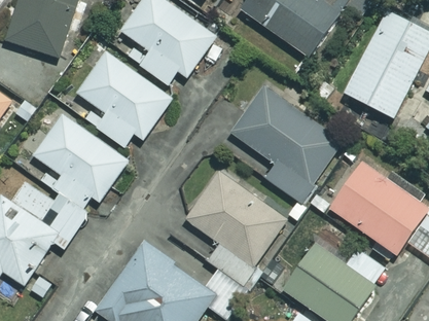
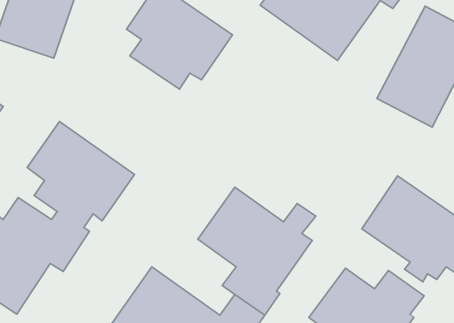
building: [77,51,173,146] -> none
building: [230,85,342,200] -> none

